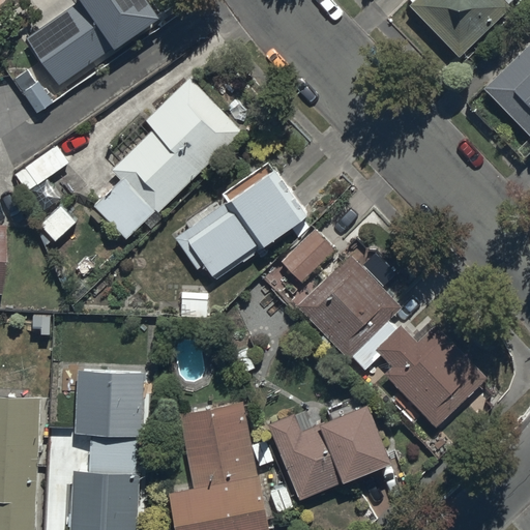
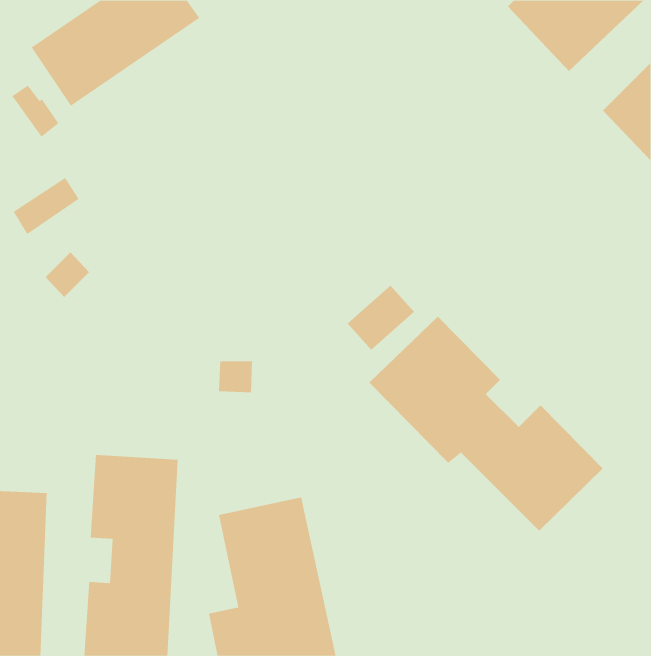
building: [92,79,240,241] -> none
building: [174,164,310,283] -> none
building: [268,404,394,506] -> none

